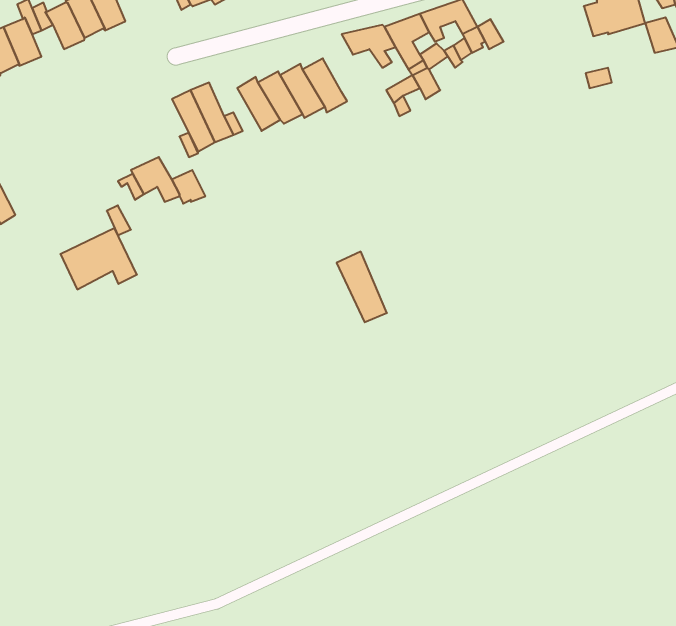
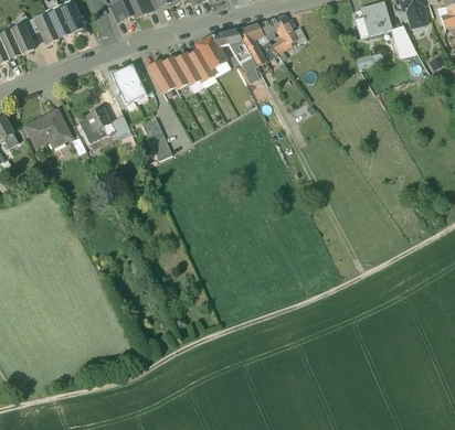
building: none -> [197,35,226,69]
building: [60,228,137,289] -> [25,110,71,147]
building: [337,252,387,322] -> [142,120,172,162]

